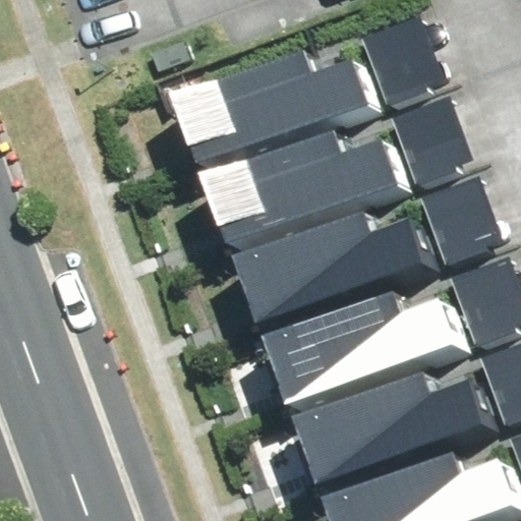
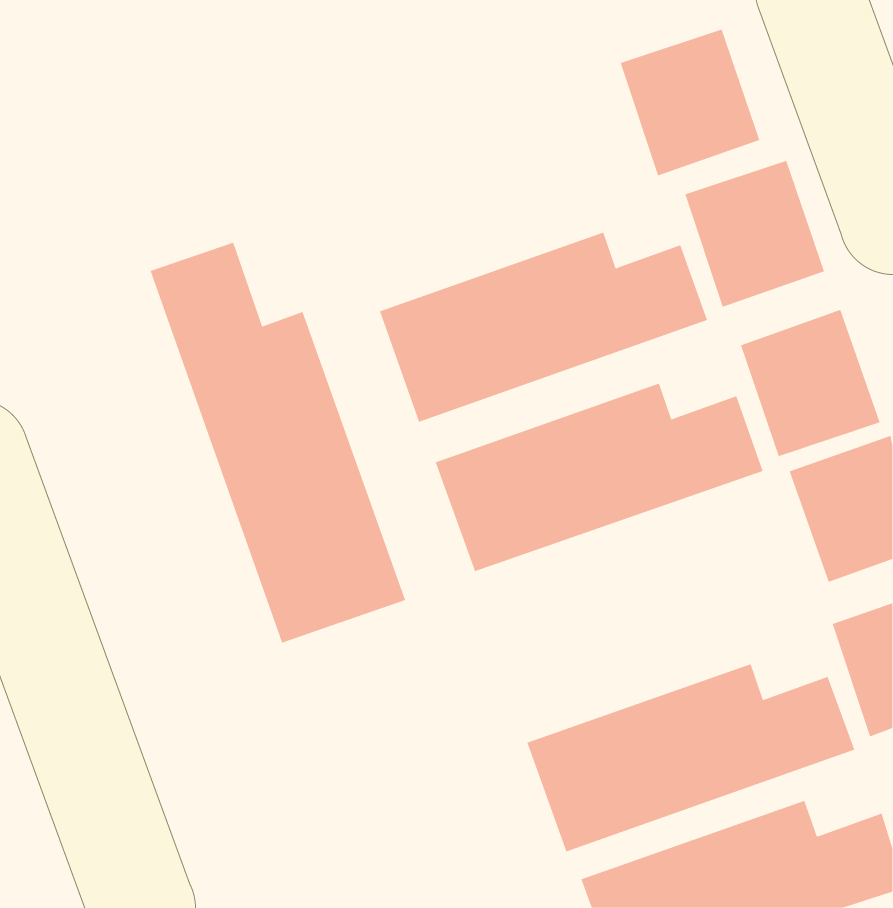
building: [178,58,364,165] -> none
building: none -> [150,242,406,644]
building: [275,288,460,395] -> none

